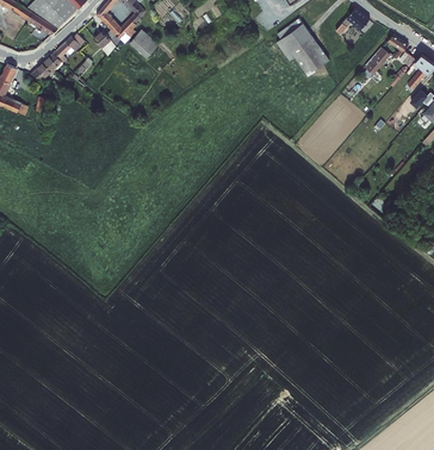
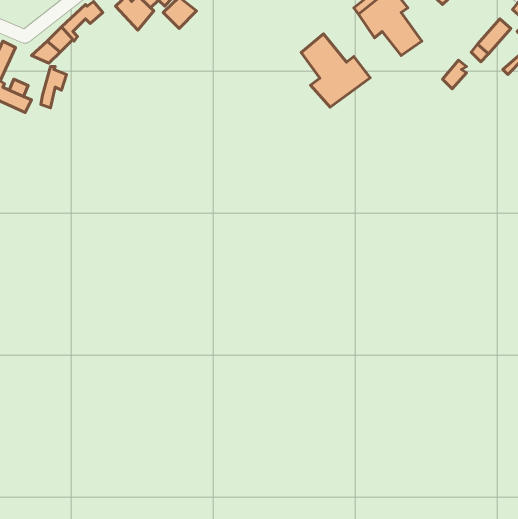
building: none -> [301,34,370,107]

